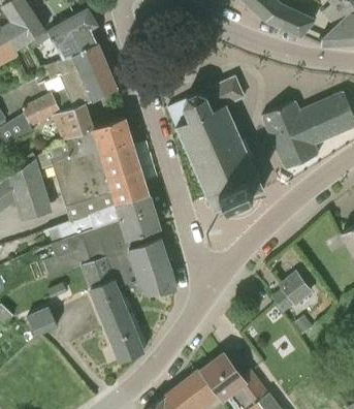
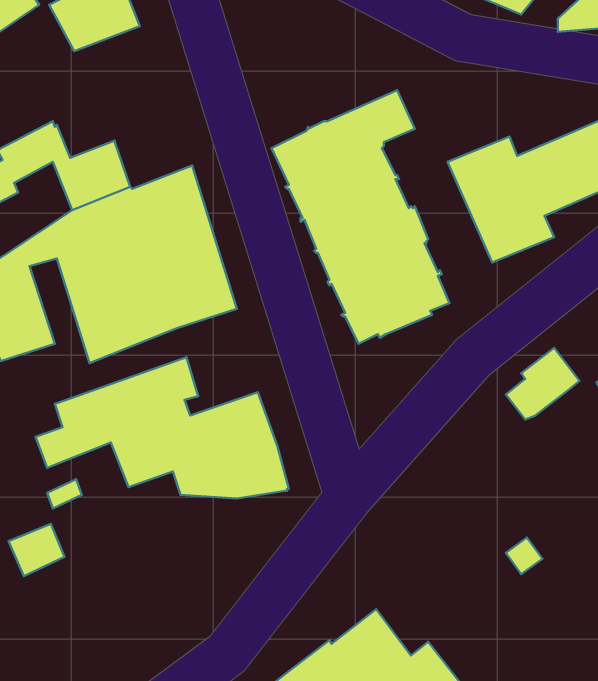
building: [45,42,118,113] -> none
building: [54,193,160,242] -> none
building: [272,273,312,311] -> [506,348,579,420]
building: [92,280,144,363] -> none

